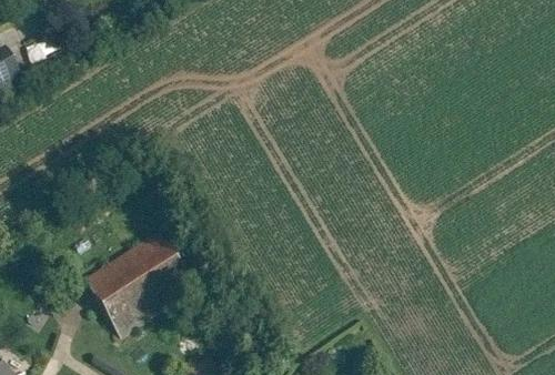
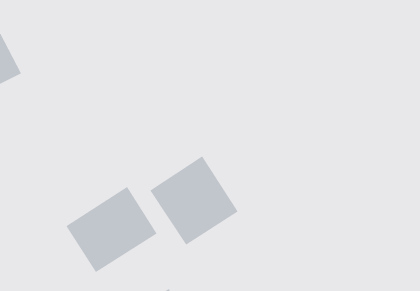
building: none -> [149,156,239,246]

